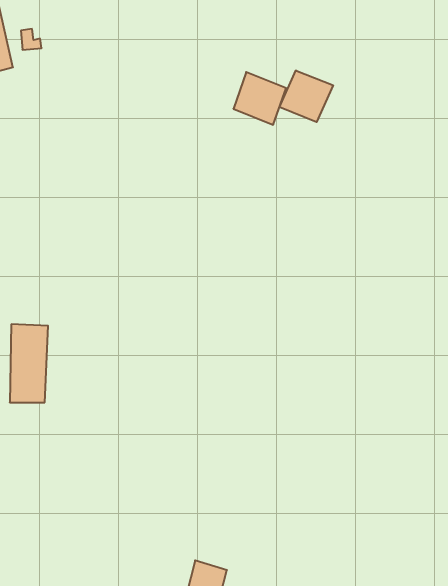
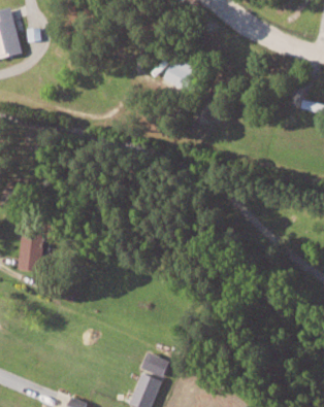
building: [279,70,333,122] -> none
building: none -> [140,352,169,380]

